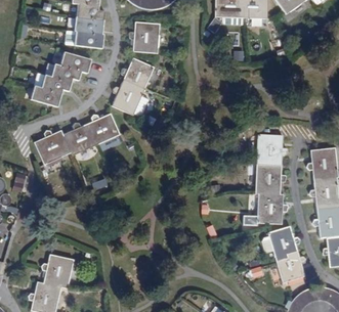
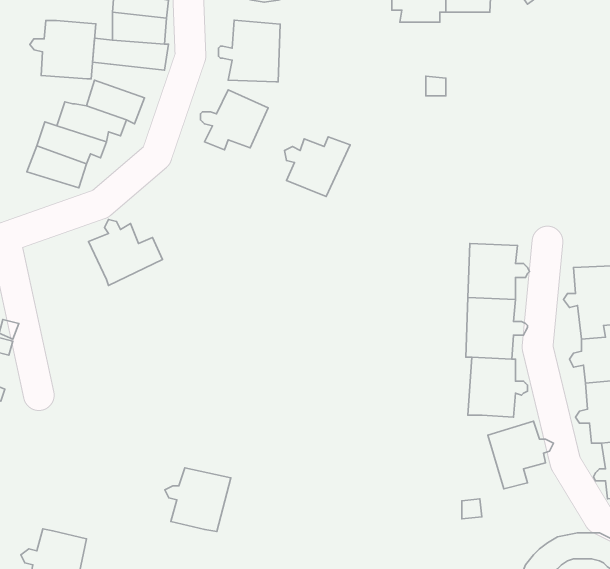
building: none -> [30,20,96,79]
building: [111,83,144,114] -> [284,137,350,197]
building: [83,114,120,144] -> none
building: [34,131,71,166] -> none
building: [274,249,306,284] -> none
building: [40,256,74,288] -> [165,468,231,532]

